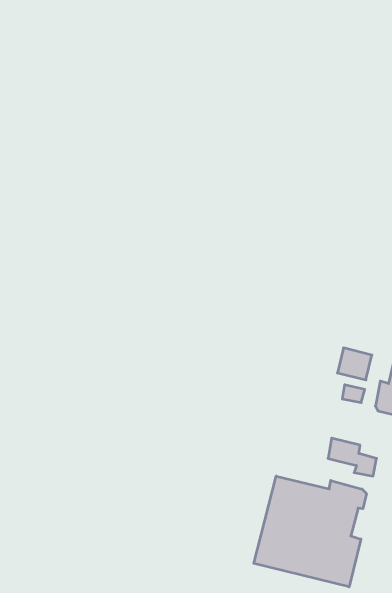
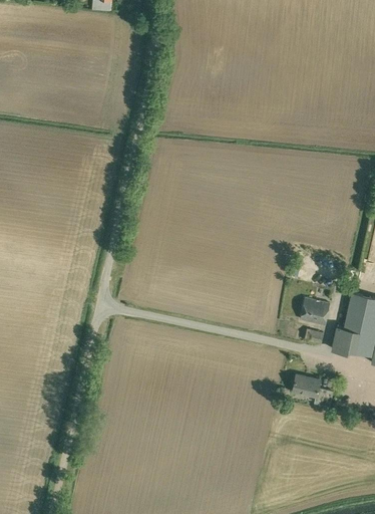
building: [254,476,366,587] -> none

